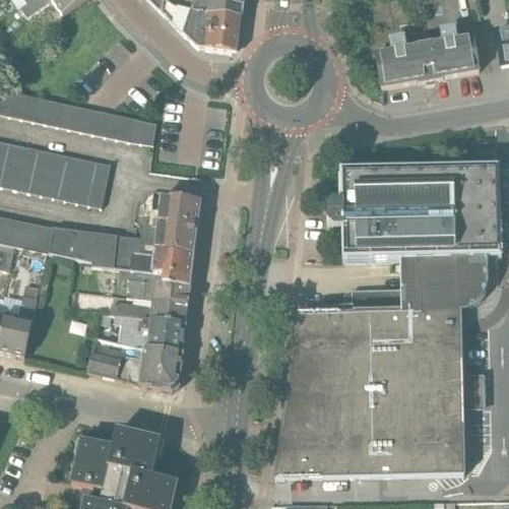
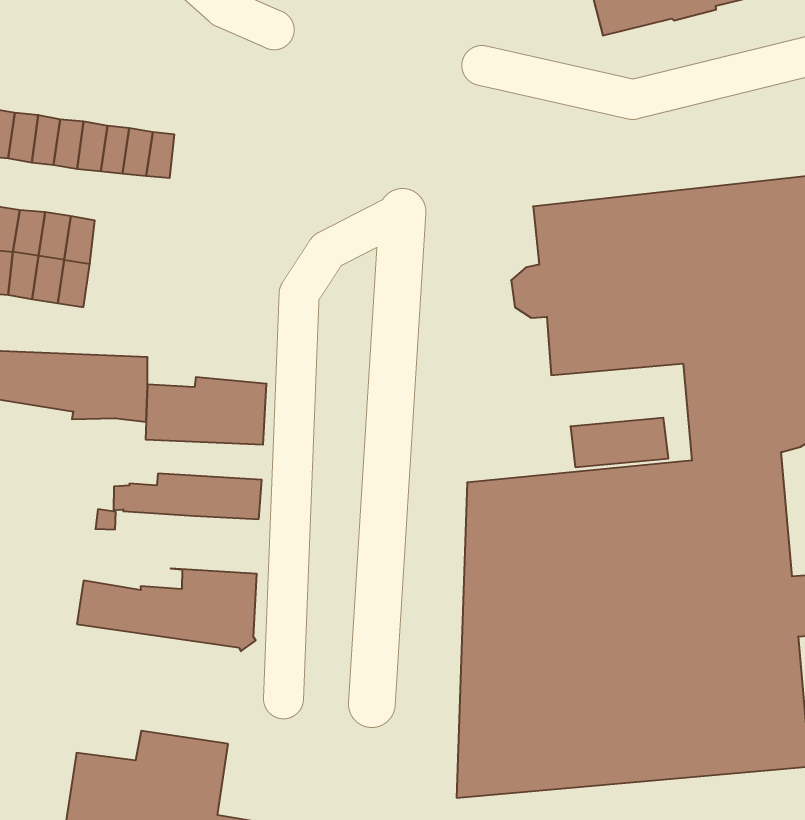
building: [131,194,200,254] -> none
building: [127,278,189,304] -> none
building: [113,315,184,353] -> none

